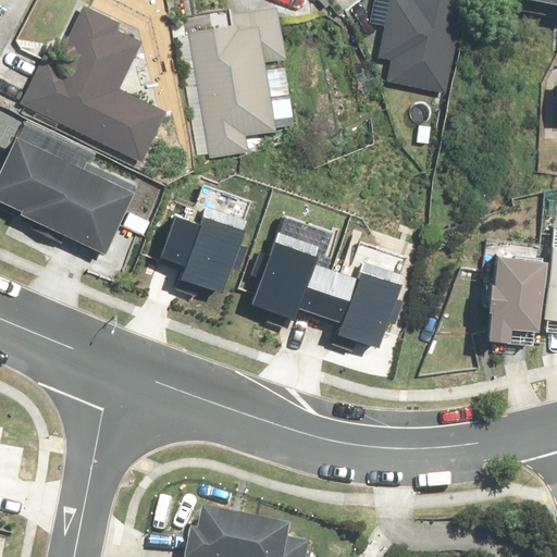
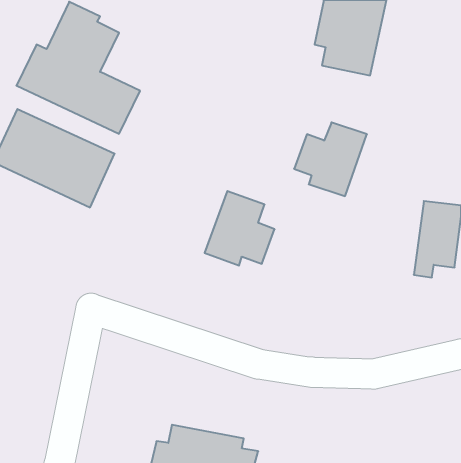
building: [186,21,281,158] -> none
building: [156,206,249,297] -> none
building: [313,262,400,350] -> [294,122,367,196]

